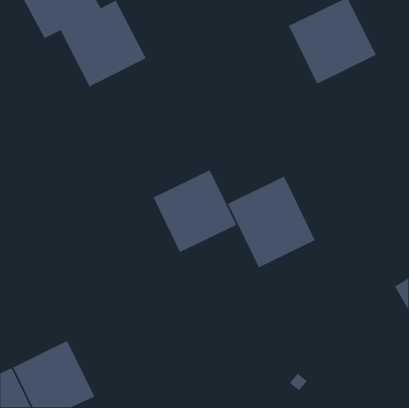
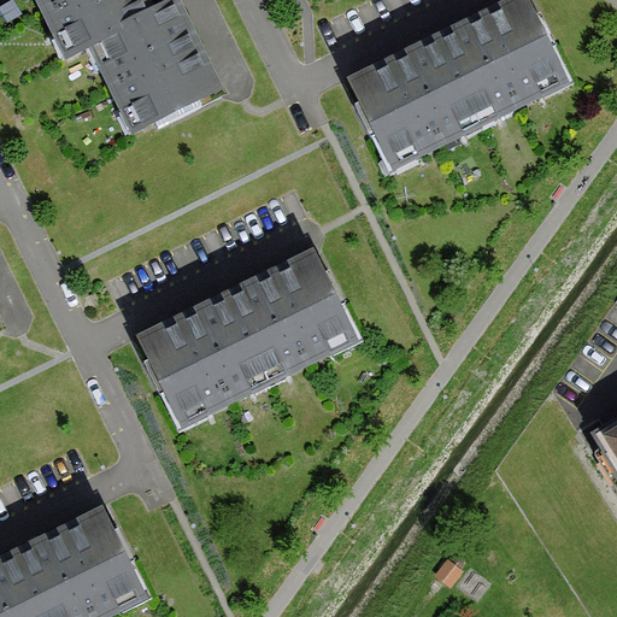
building: none -> [348,39,476,169]
building: [227,176,316,268] -> none
building: none -> [137,296,270,425]

